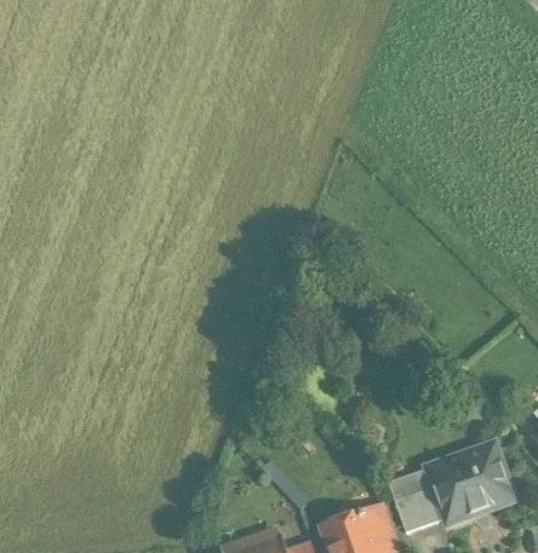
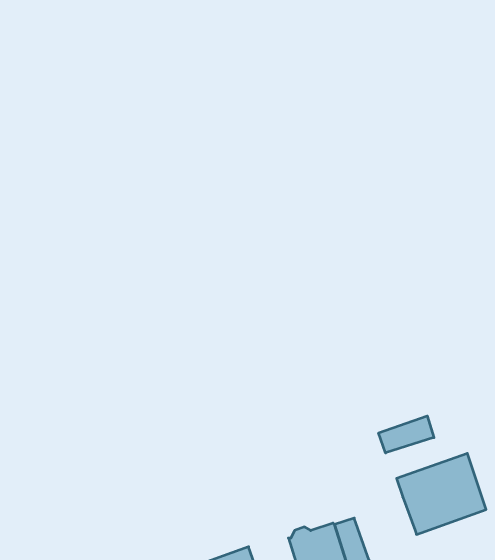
building: none -> [379,416,434,453]
building: [393,485,443,531] -> none

